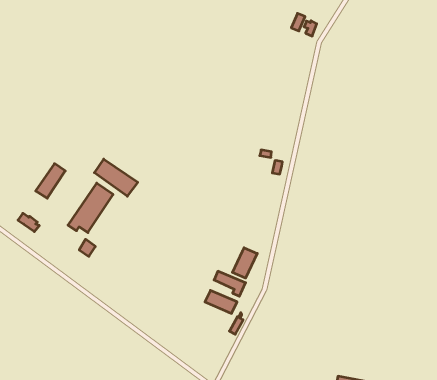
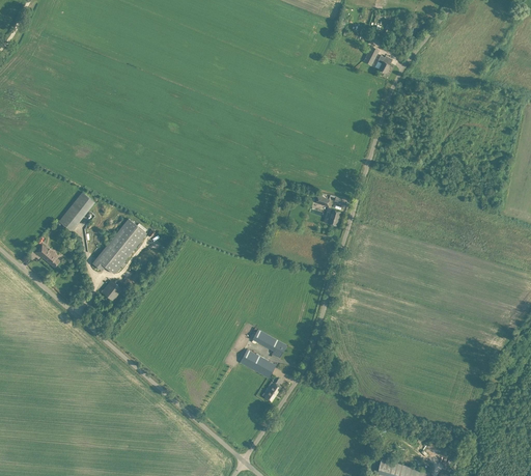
building: [94,159,138,196] -> none
building: [232,248,257,278] -> none

